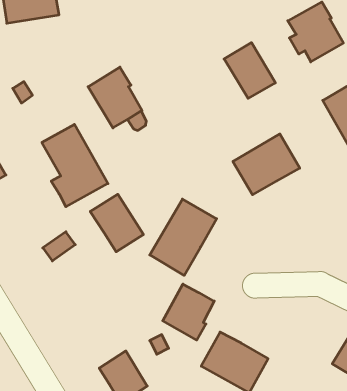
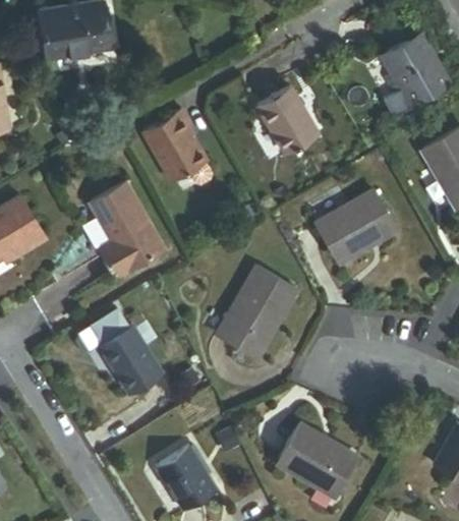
building: [224,43,275,98] -> [256,86,318,153]
building: [90,194,143,252] -> [99,327,162,395]
building: [163,284,214,340] -> none

